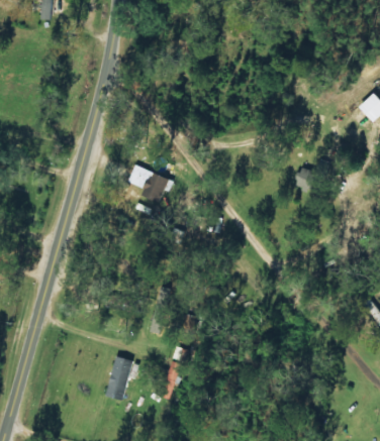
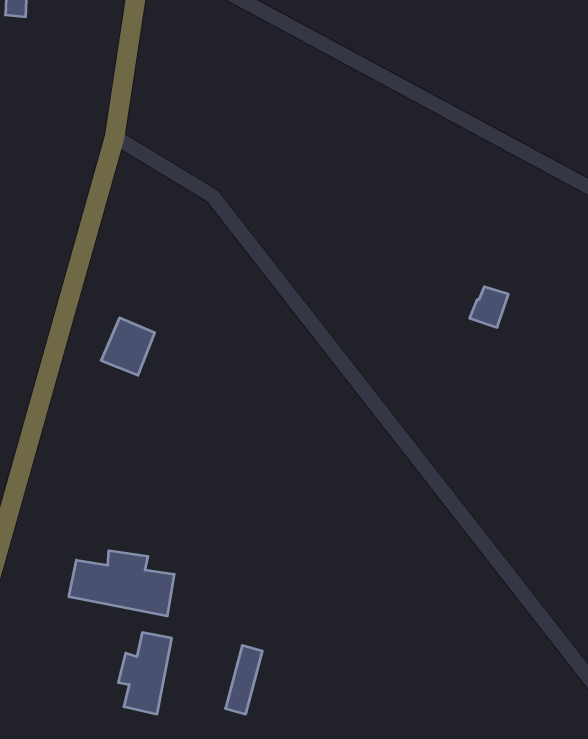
building: [138,171,168,202] -> [101,318,155,375]
building: none -> [69,551,174,616]

